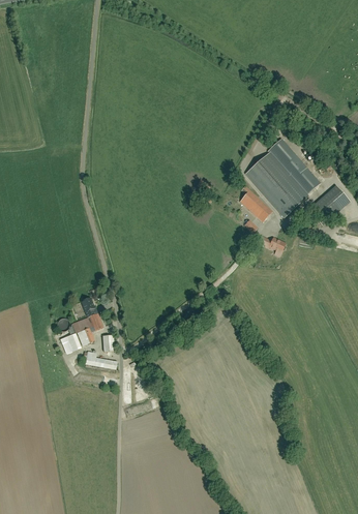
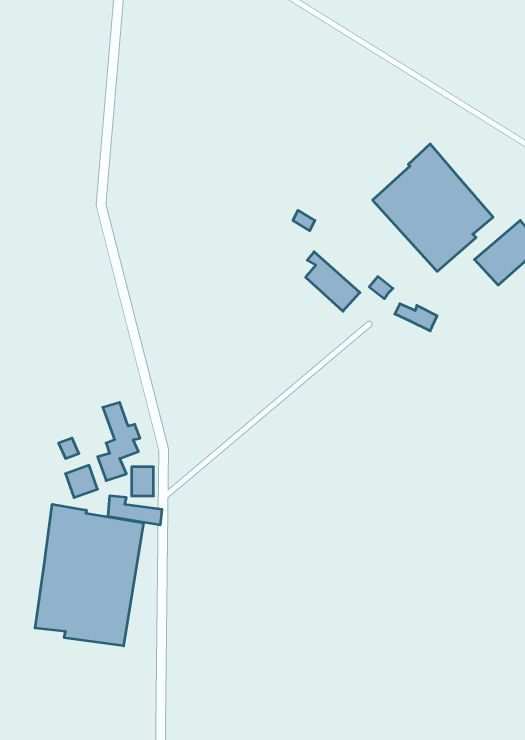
building: [239,185,272,221] -> [306,252,360,311]
building: none -> [35,504,143,646]

